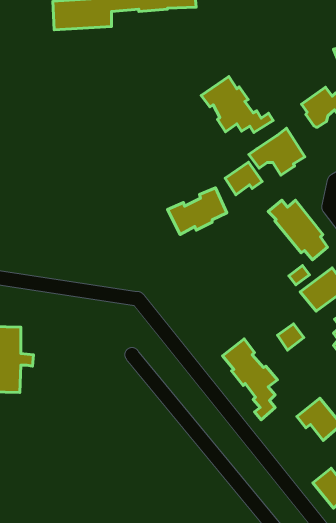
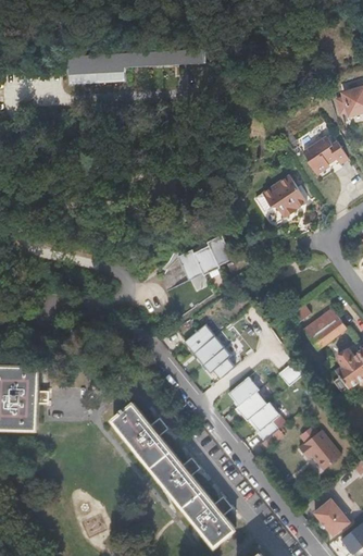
building: [201,76,273,133] -> none
building: [225,162,262,195] -> none
building: [268,200,328,260] -> [178,321,235,378]
building: none -> [110,403,233,545]

